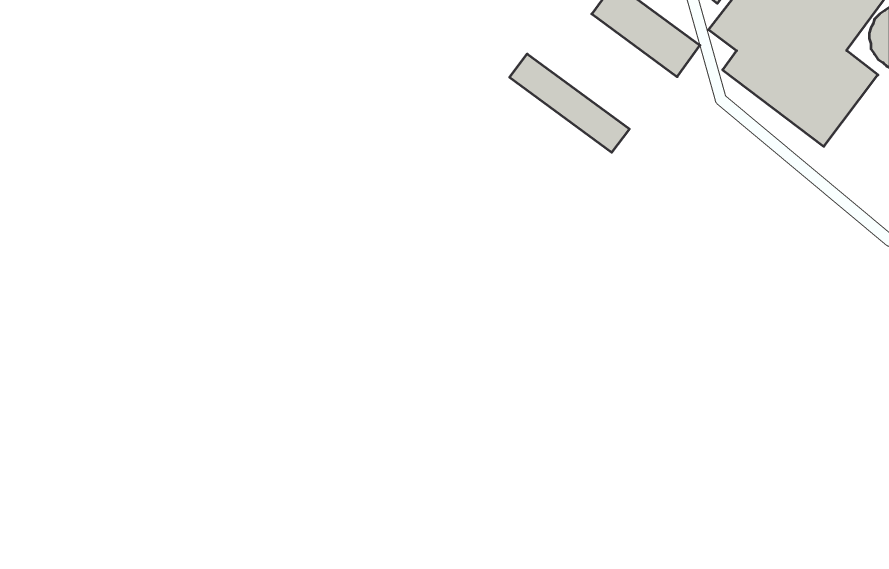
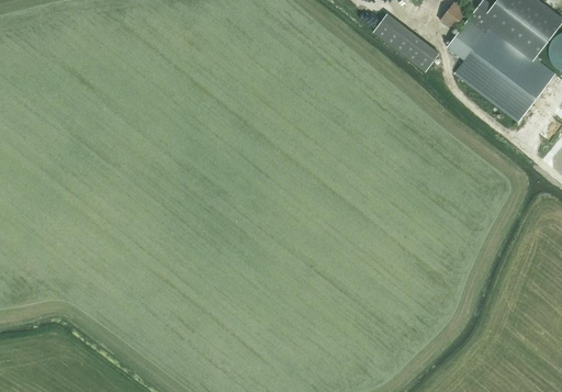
building: [510,54,629,152] -> none

